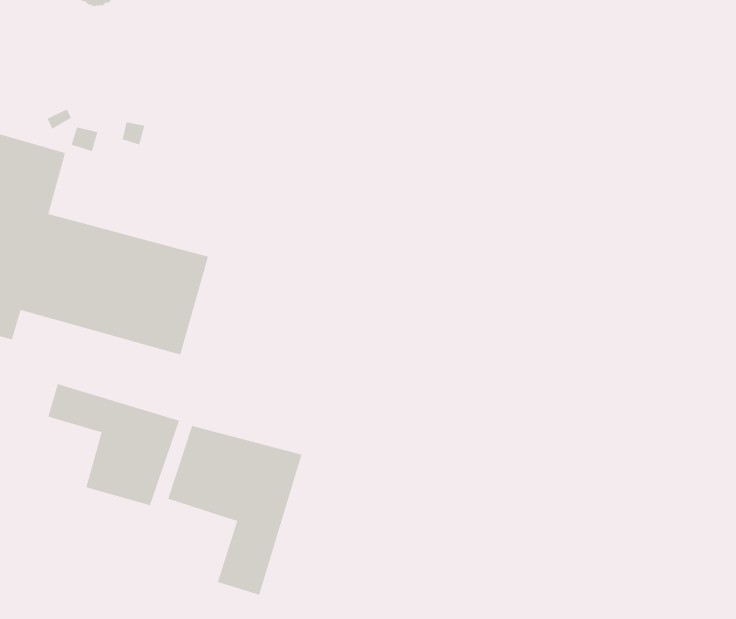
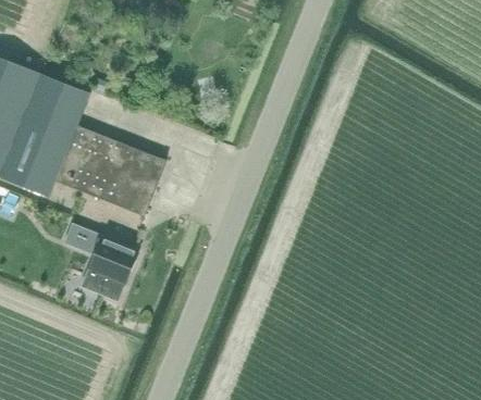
building: [168,425,302,596] -> none

